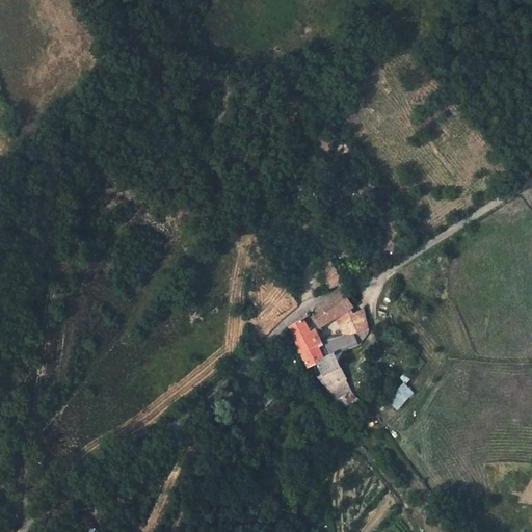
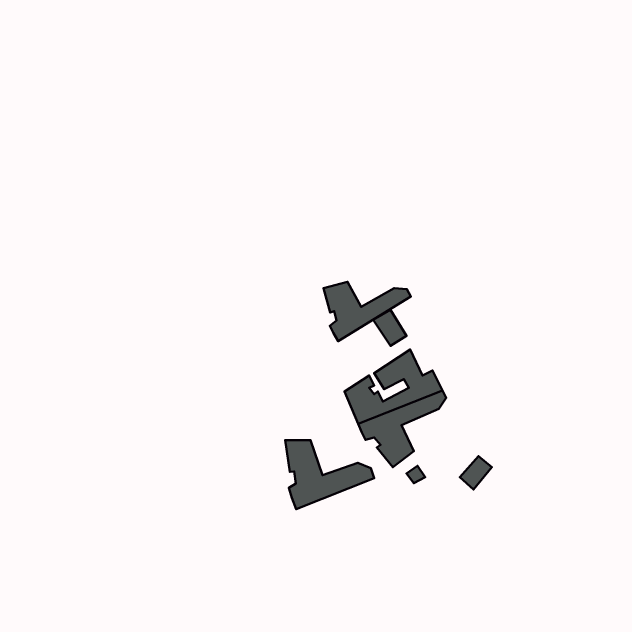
building: none -> [323,282,411,341]
building: none -> [285,440,374,509]

